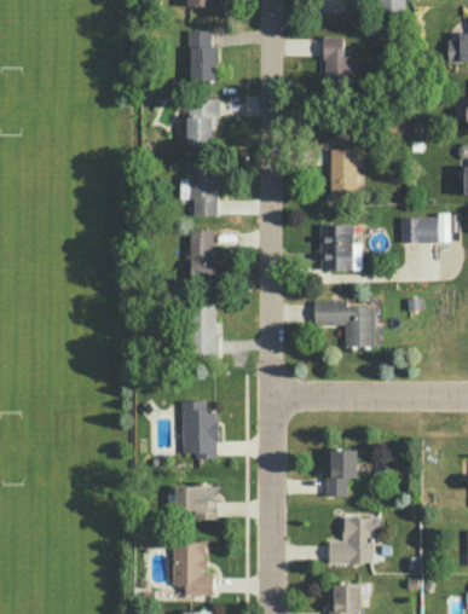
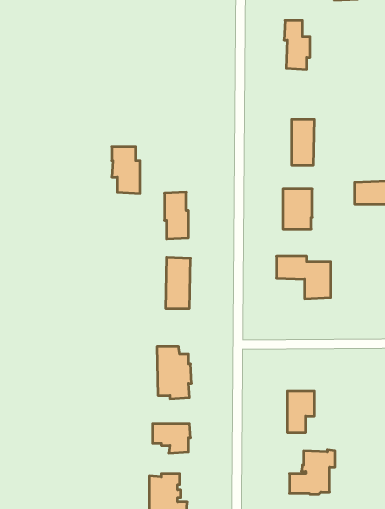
building: [187,30,218,80] -> none
building: [187,98,220,144] -> none
building: [189,164,220,216] -> [112,147,140,193]

